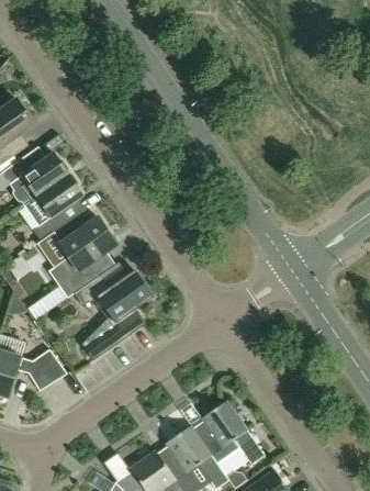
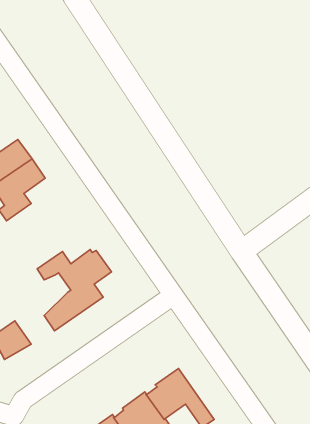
building: [48,213,116,298] -> none

